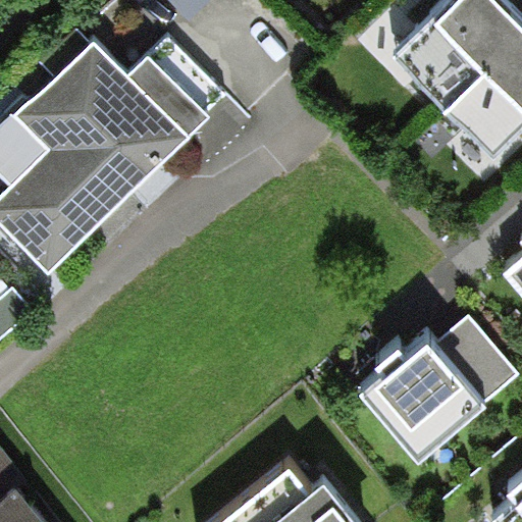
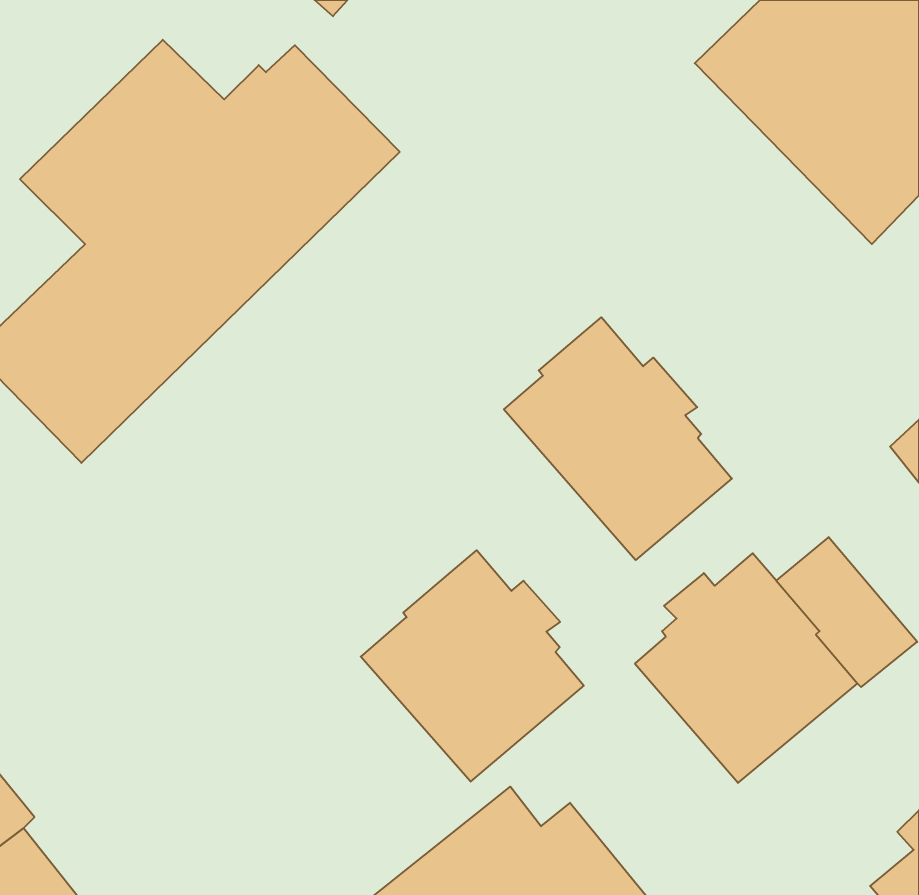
building: none -> [504,317,732,560]
building: none -> [361,550,584,782]

